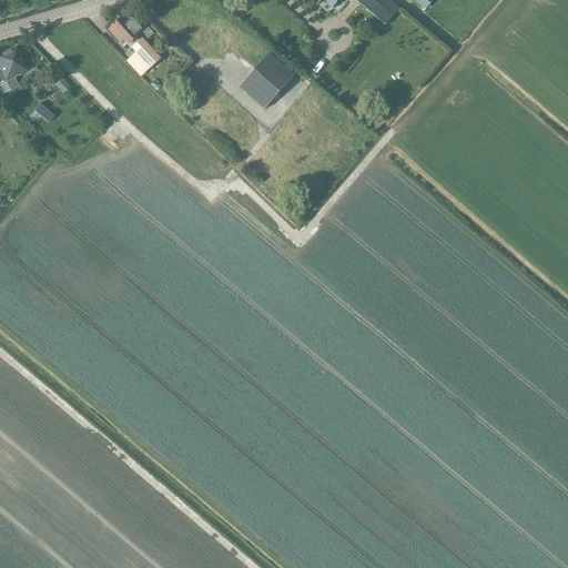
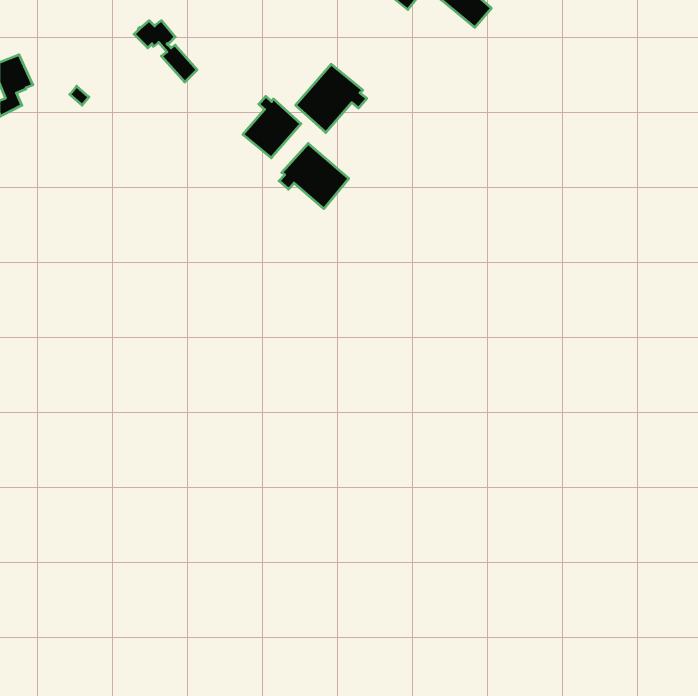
building: none -> [243,96,301,158]
building: none -> [279,143,349,209]

